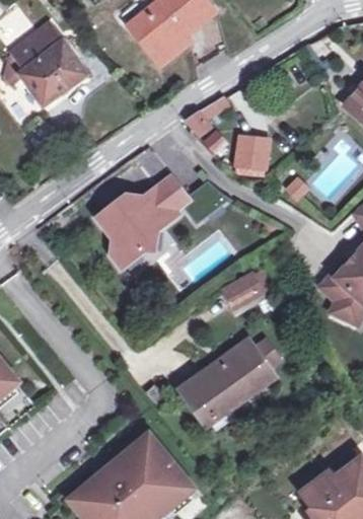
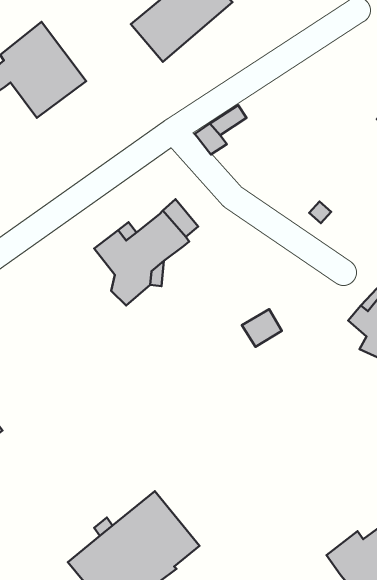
building: [235,136,270,167] -> none
building: [179,345,274,420] -> none

